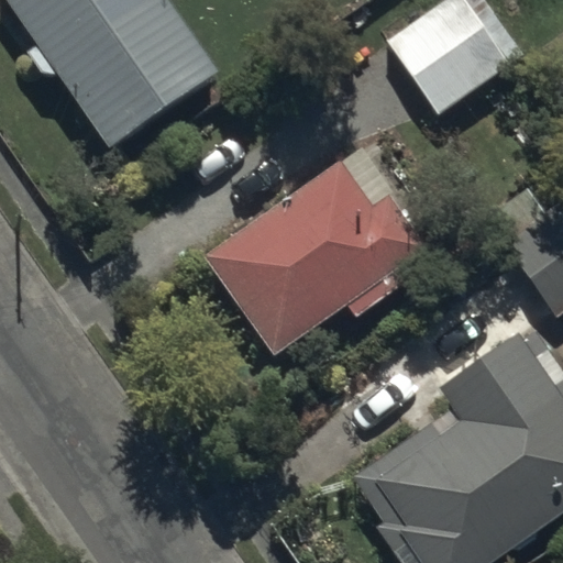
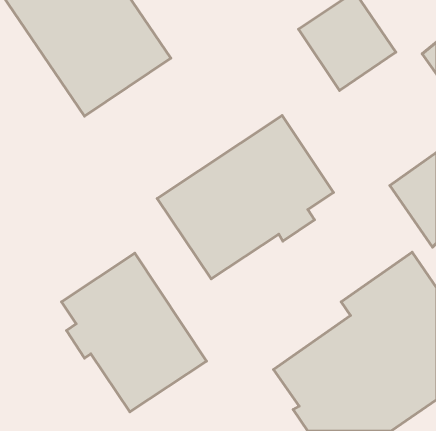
building: none -> [62,253,206,412]

